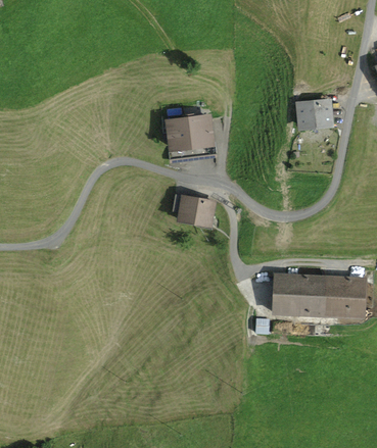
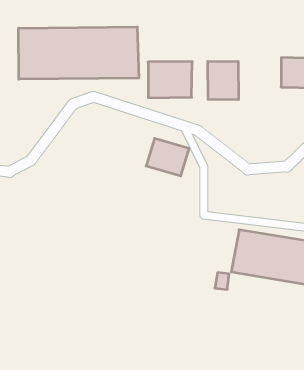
building: none -> [19,27,139,79]
building: none -> [208,61,238,100]

